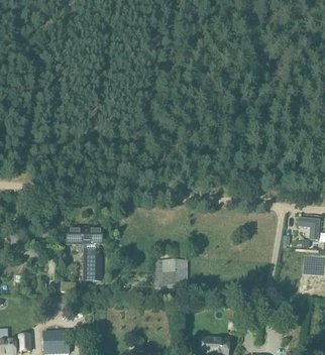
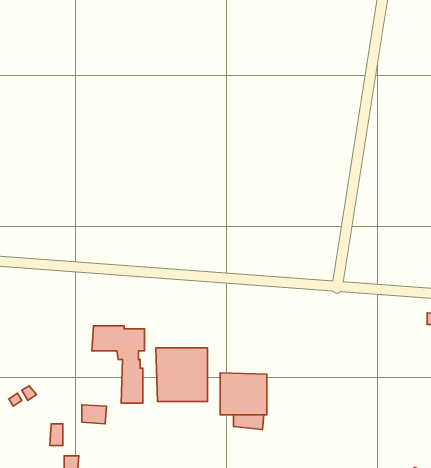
building: none -> [156,348,207,401]

